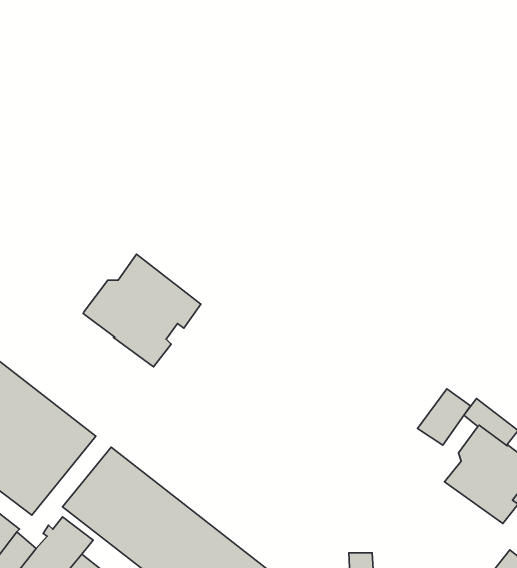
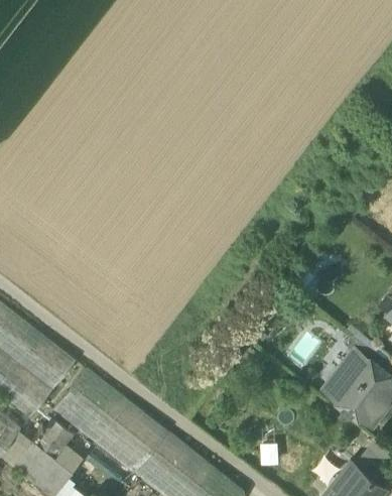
building: [83,254,201,367] -> none
building: [418,389,471,445] -> none

